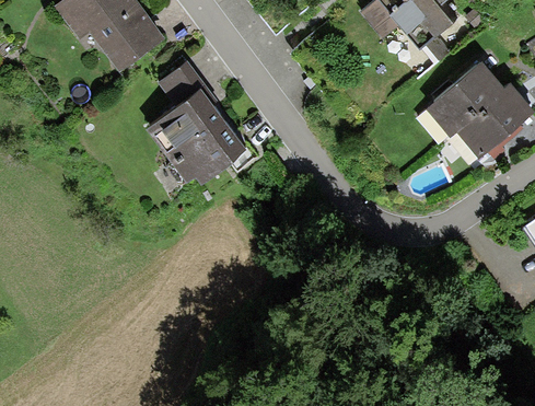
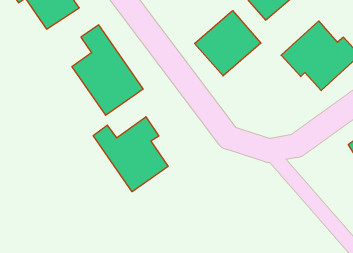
building: none -> [195,11,261,76]
building: none -> [93,117,168,192]

